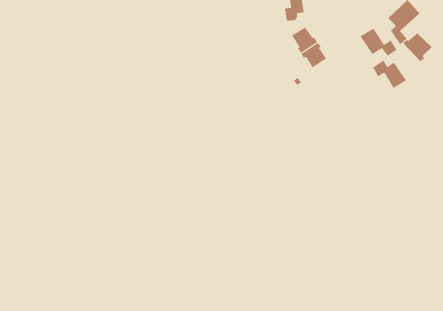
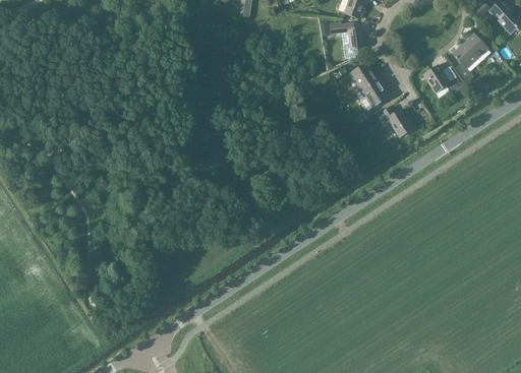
building: [403,32,432,62] -> none
building: [372,60,407,89] -> [378,107,414,137]

